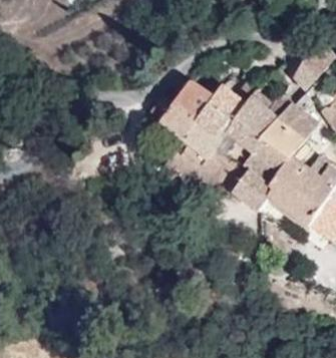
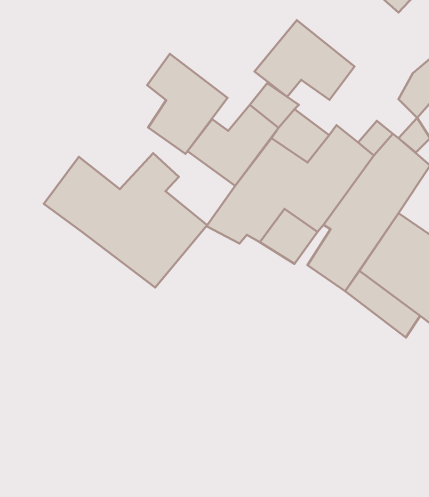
building: none -> [255,20,355,100]
building: none -> [147,54,227,154]
building: none -> [44,153,207,288]

